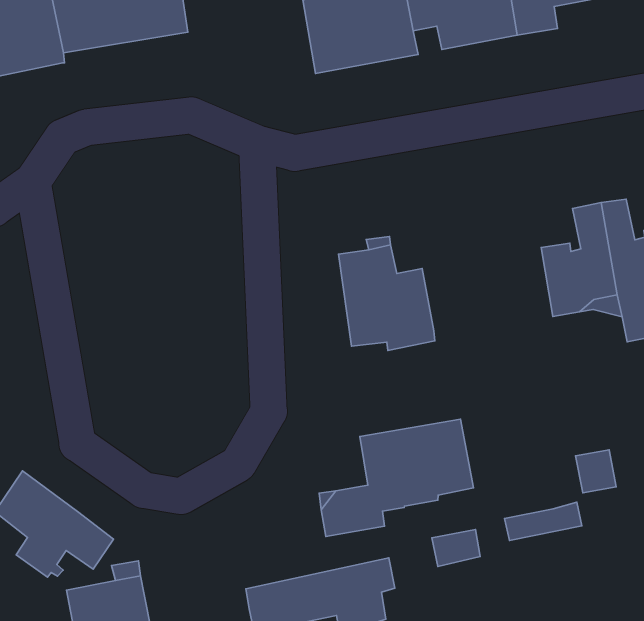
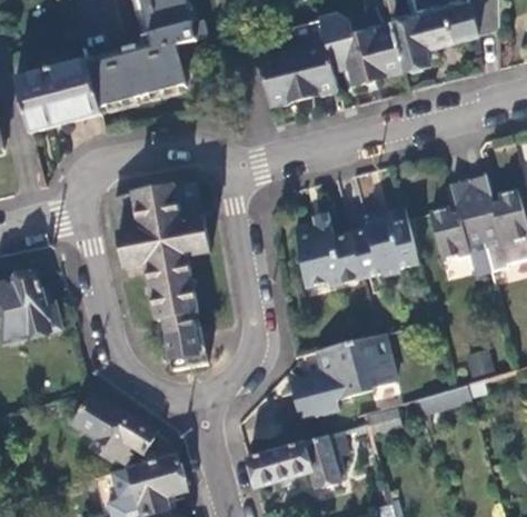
building: none -> [112,181,208,367]
building: none -> [350,203,418,274]

